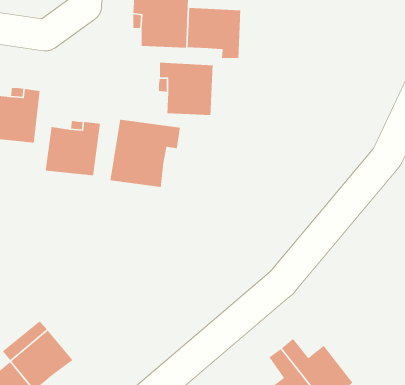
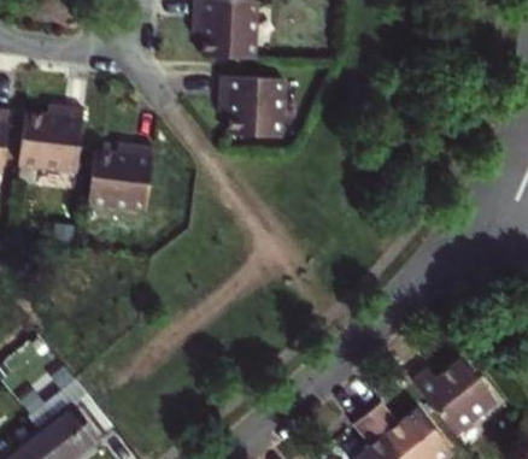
building: [187,7,241,59] -> none
building: [110,119,181,188] -> none
building: none -> [410,355,493,432]

